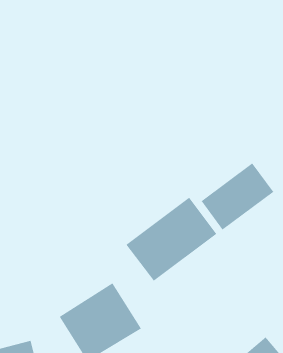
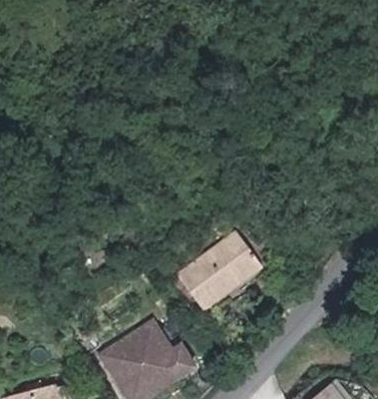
building: [201,163,274,231] -> none

